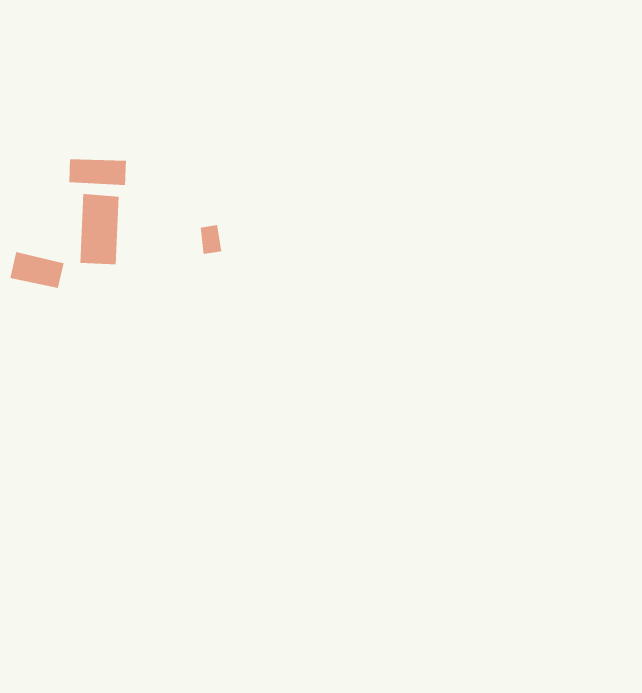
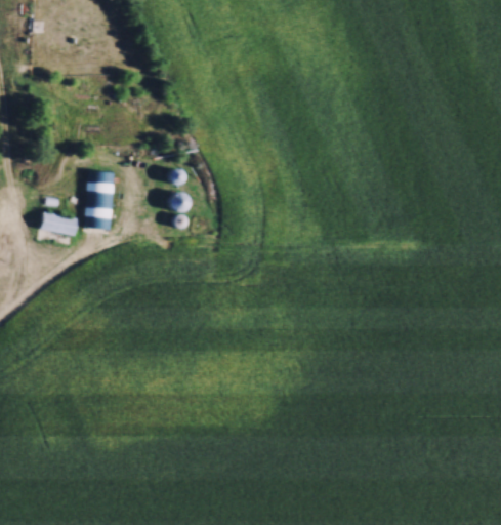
building: [69,159,126,186] -> none

